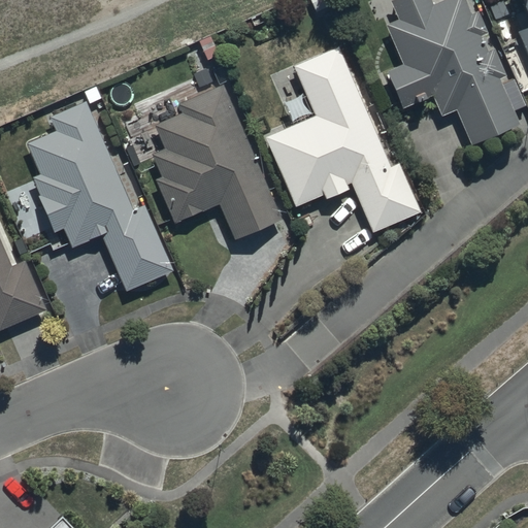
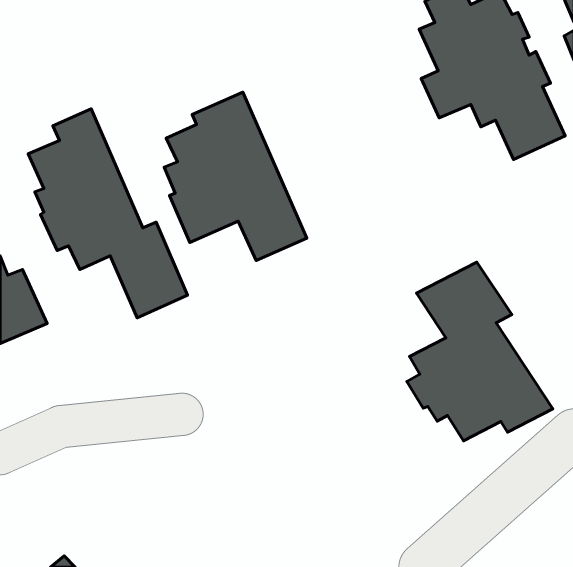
building: [263,46,421,233] -> none
building: none -> [407,262,553,441]

